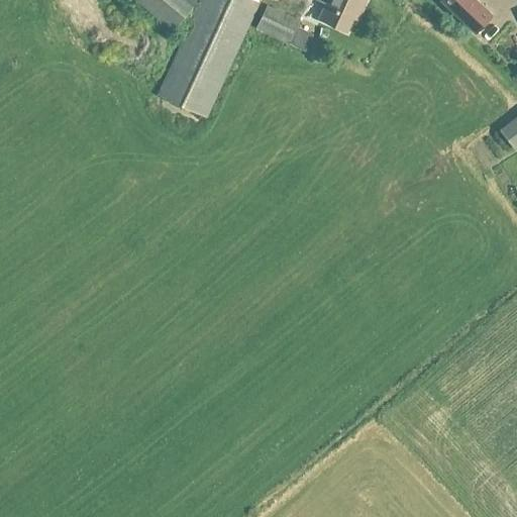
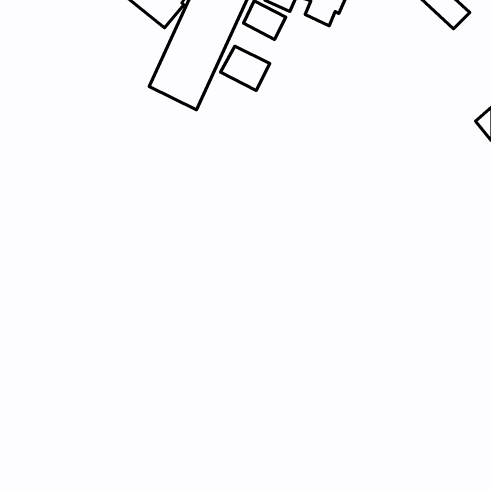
building: none -> [221,46,270,91]

